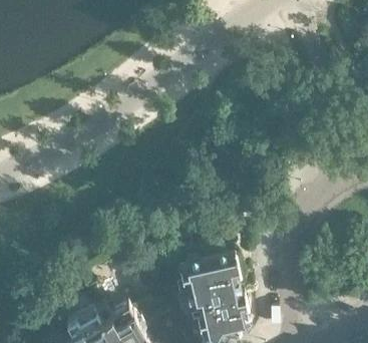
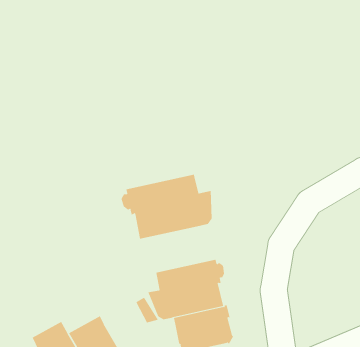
building: none -> [121,174,212,240]

